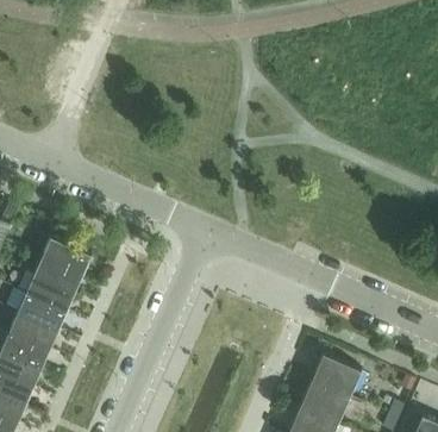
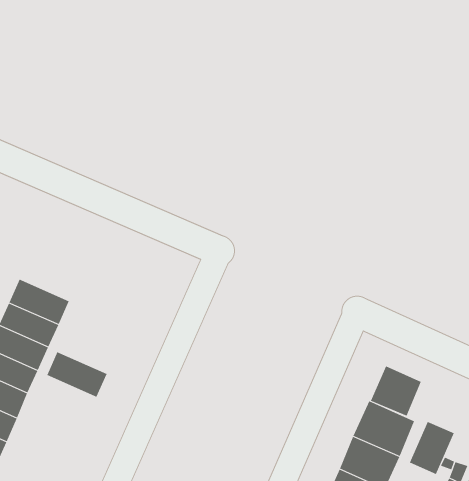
building: [42,237,90,274] -> [47,352,107,397]
building: none -> [370,365,421,417]
building: none -> [409,421,454,475]

